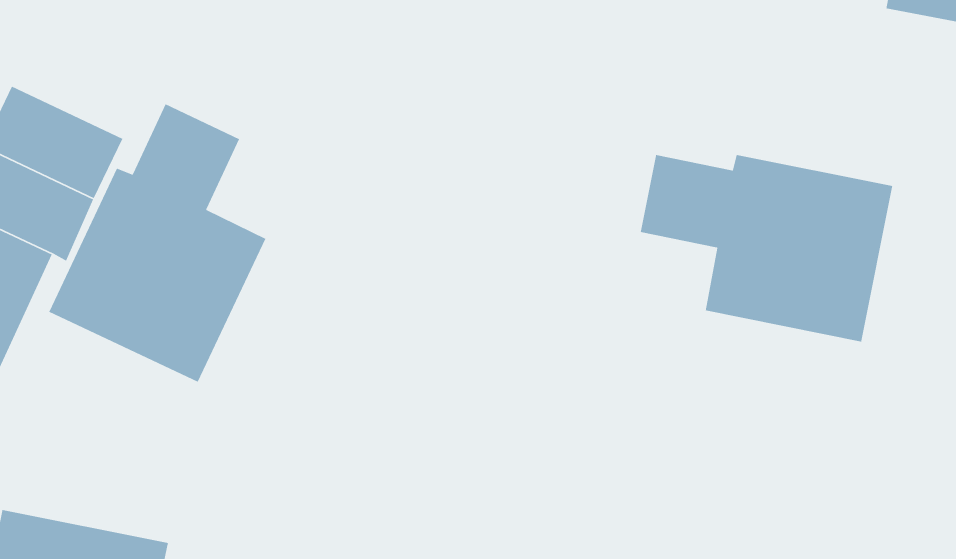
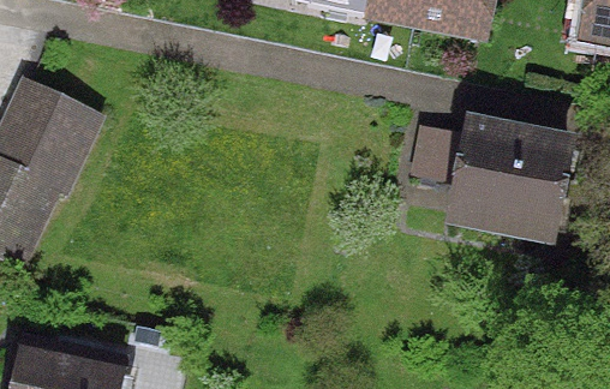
building: [48,103,267,383] -> none

